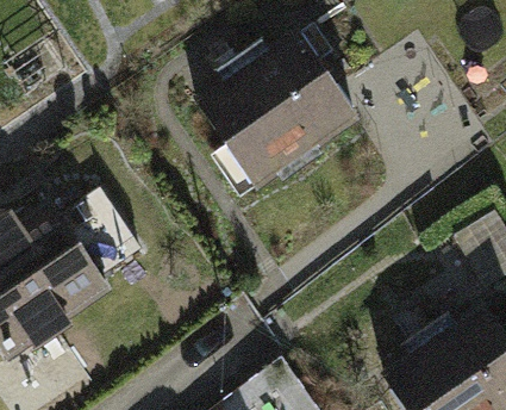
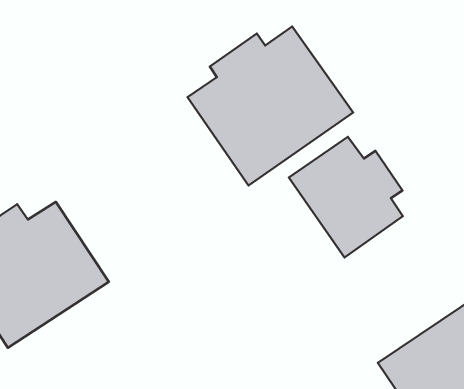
building: none -> [289,137,403,257]

